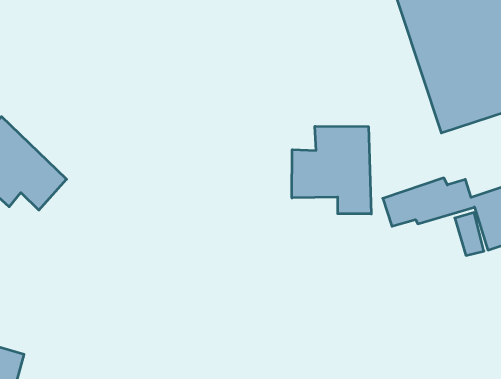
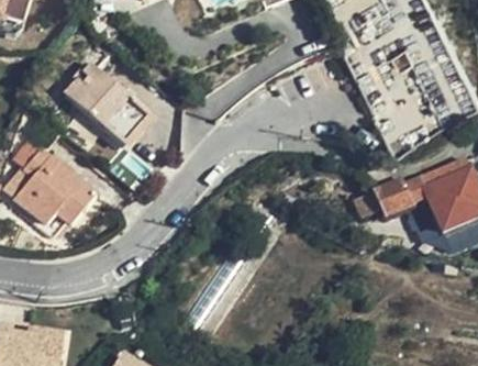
building: none -> [64,60,147,141]
building: [292,126,371,214] -> none

